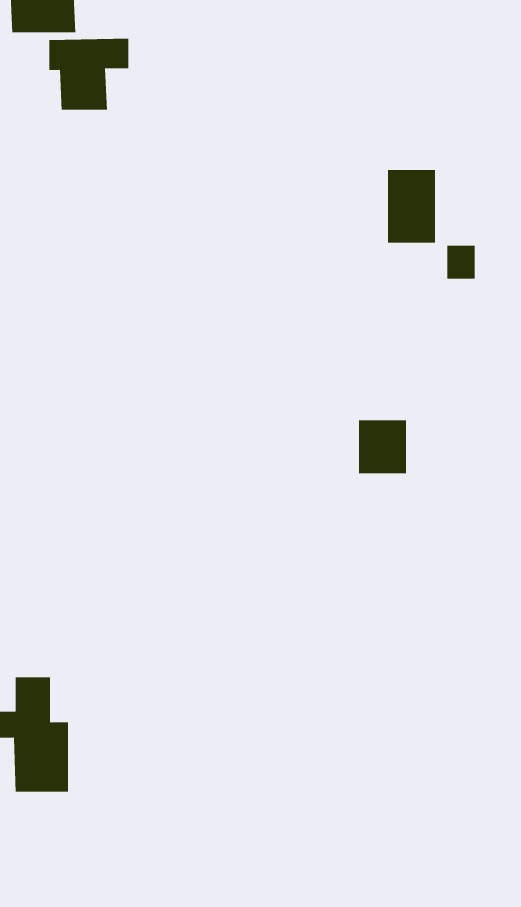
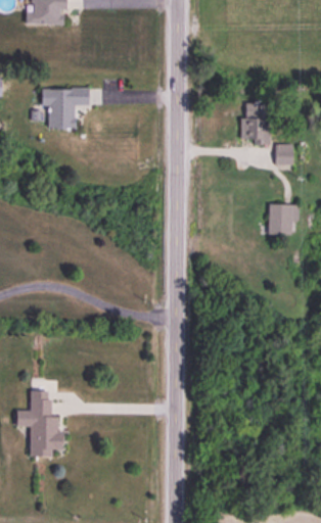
building: [48,38,129,110] -> [42,88,88,129]
building: [358,420,407,474] -> [270,204,297,235]

